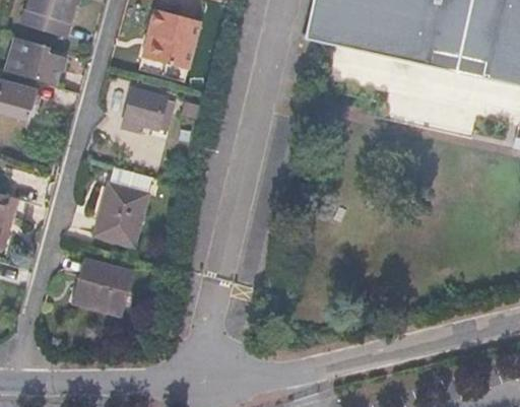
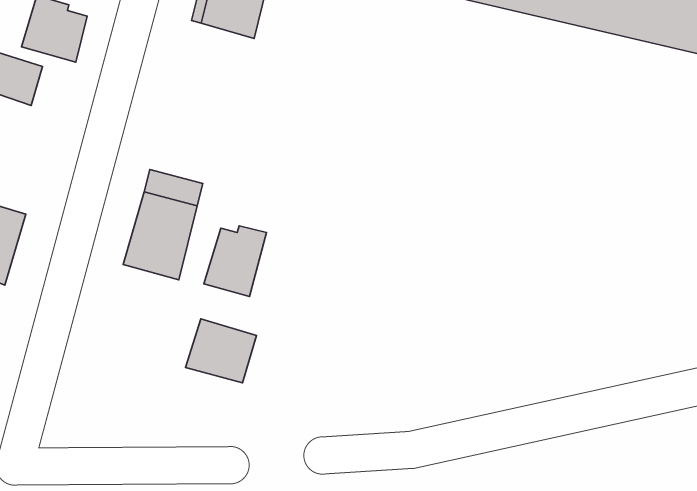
building: [123,90,164,131] -> none
building: none -> [204,226,266,297]
building: [74,263,126,310] -> [185,319,257,383]

